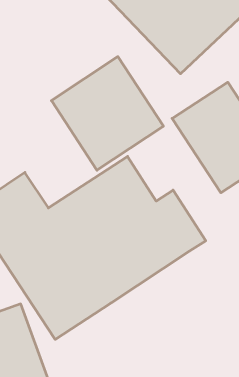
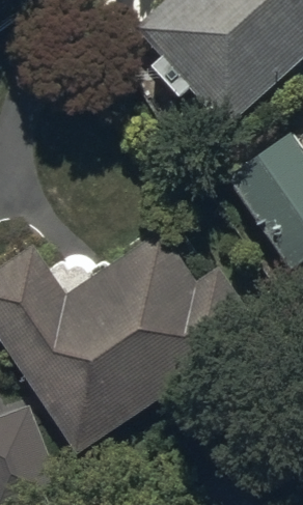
building: [51,57,163,170] -> none

